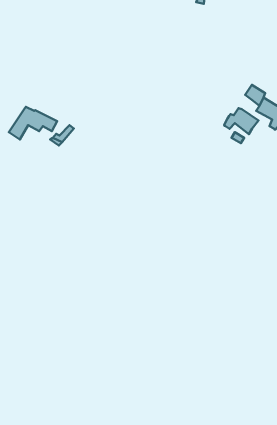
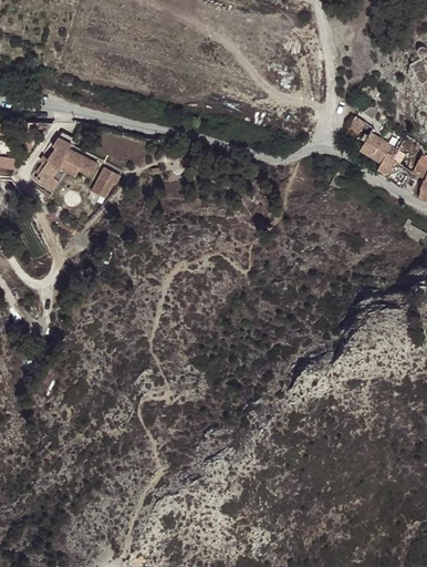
building: [224,108,259,134] -> none

